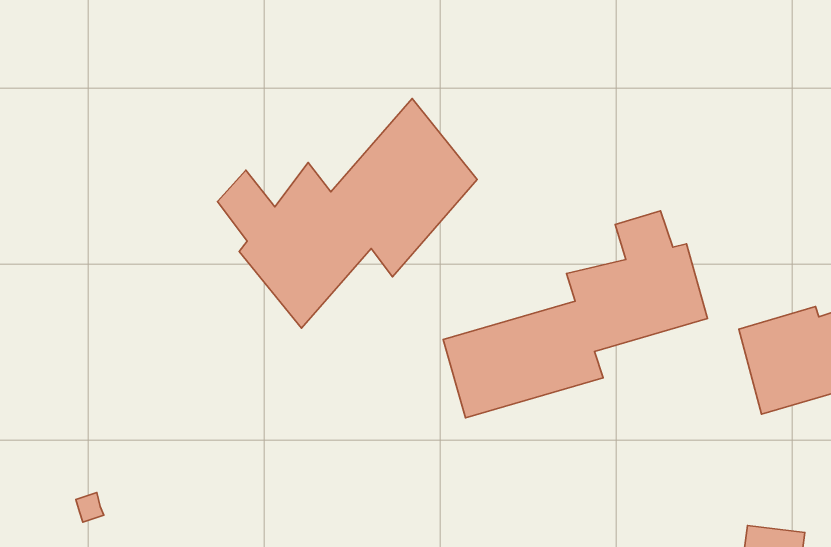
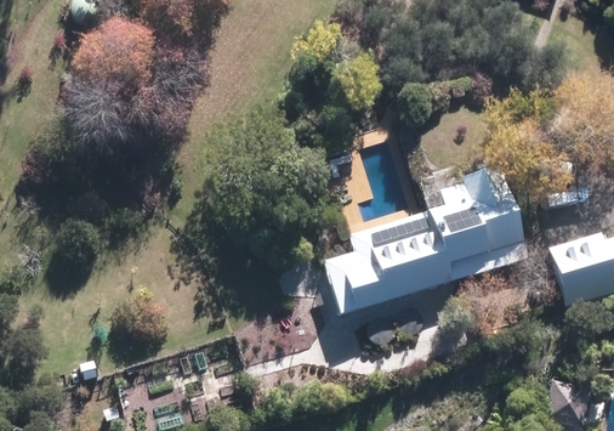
building: [217,98,477,328] -> none

